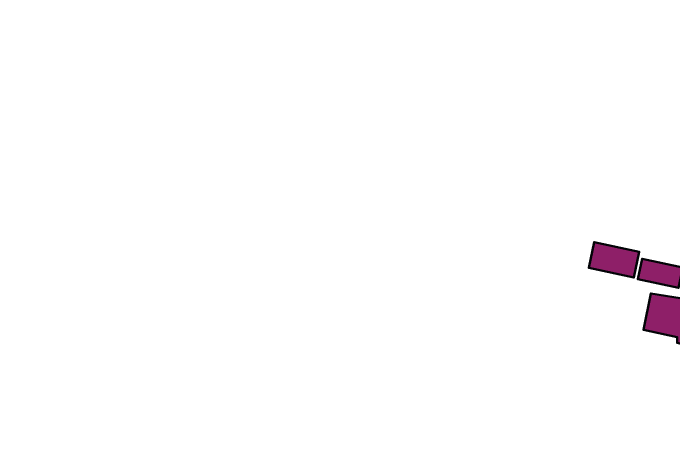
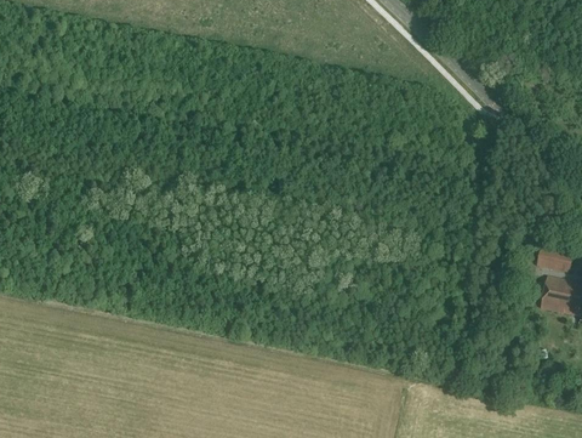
building: [589,242,639,278] -> none

